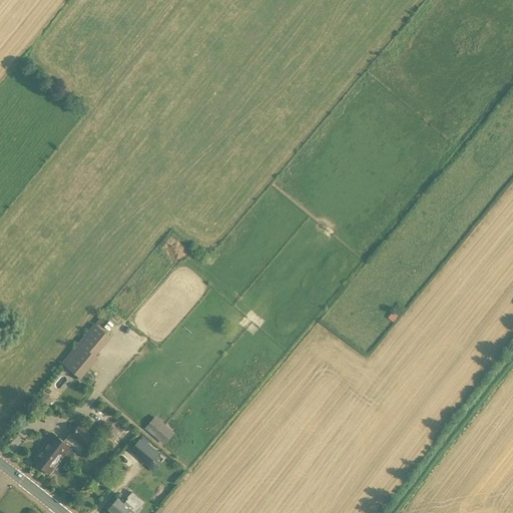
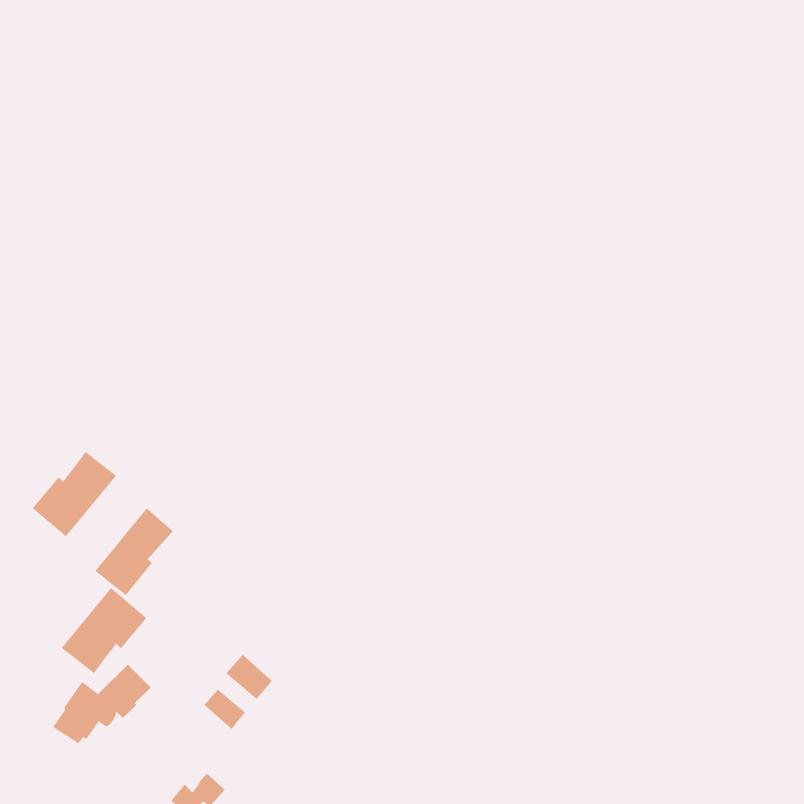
building: none -> [32,451,117,537]
building: none -> [61,587,147,674]

